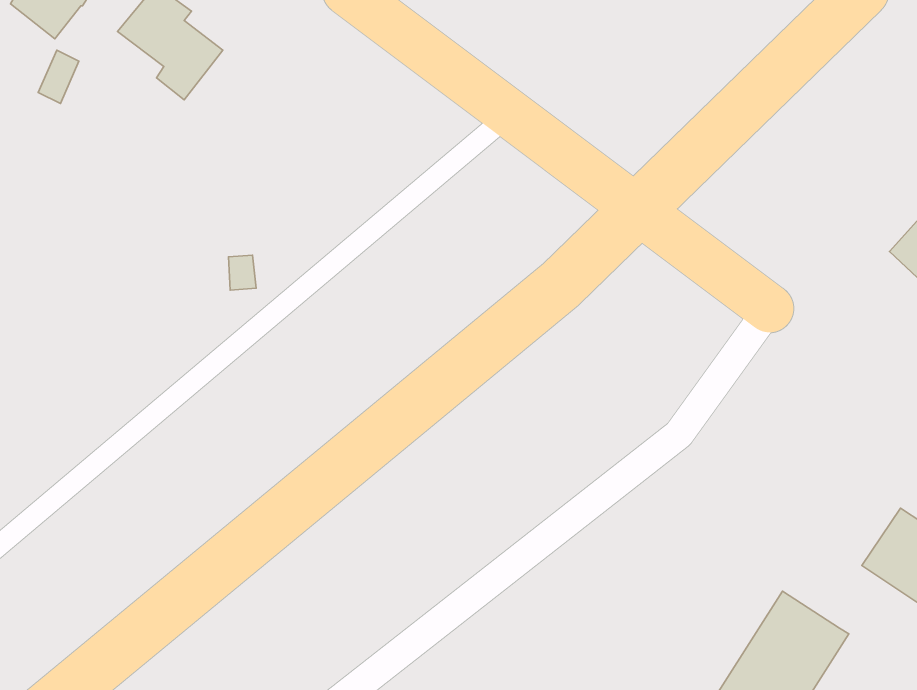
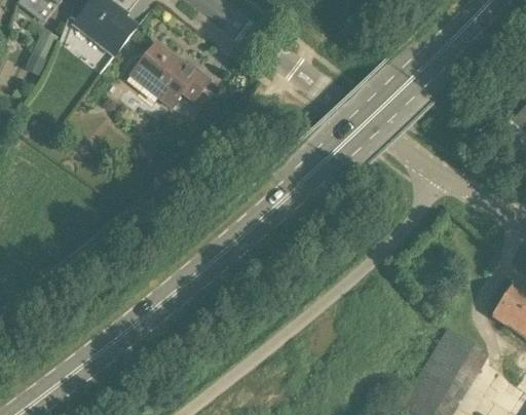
building: none -> [133,45,213,110]

